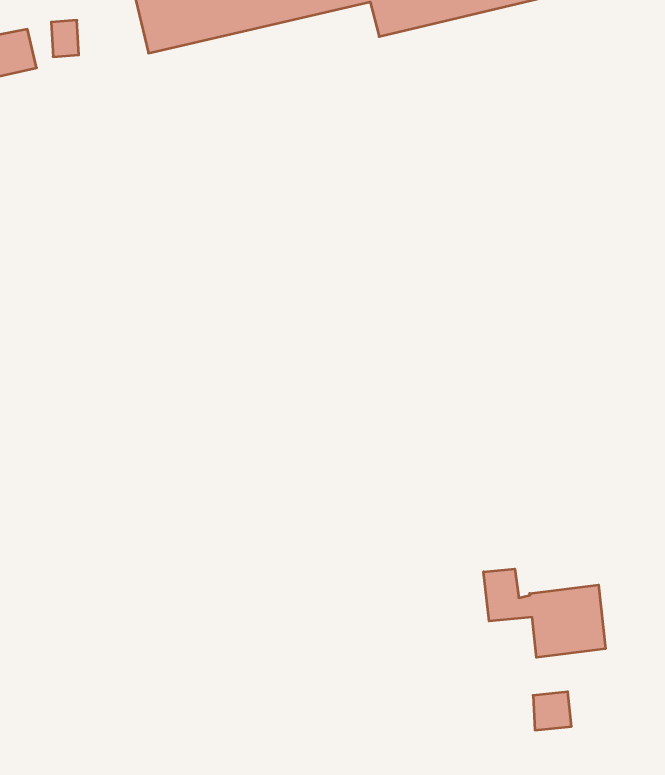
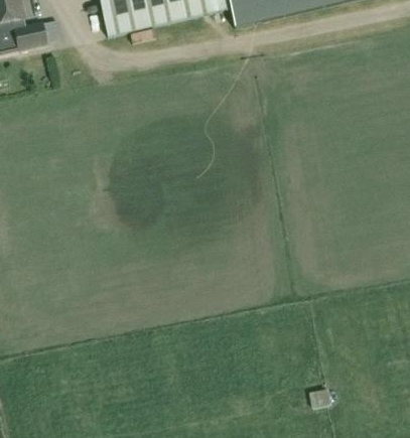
building: [484,569,605,657] -> none

